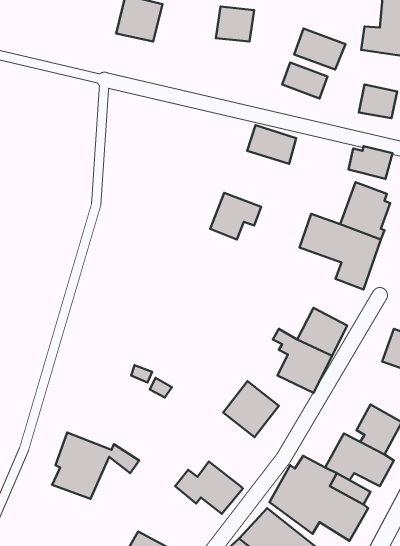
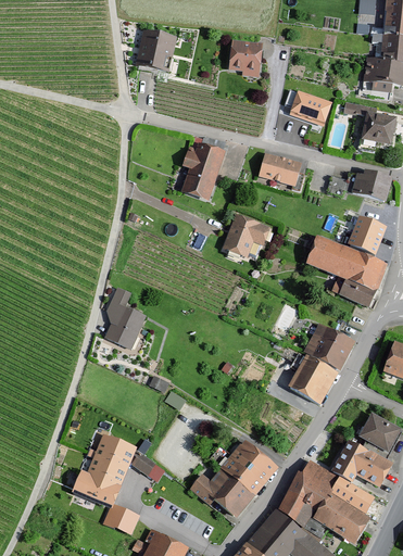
building: [294,28,346,70] -> none
building: none -> [181,142,226,202]
building: none -> [105,289,147,349]
building: [223,381,279,437] -> [222,437,274,489]
building: none -> [104,501,136,528]

